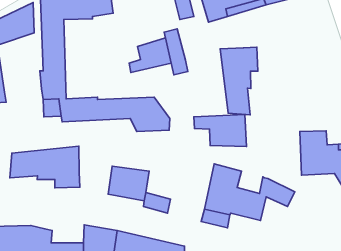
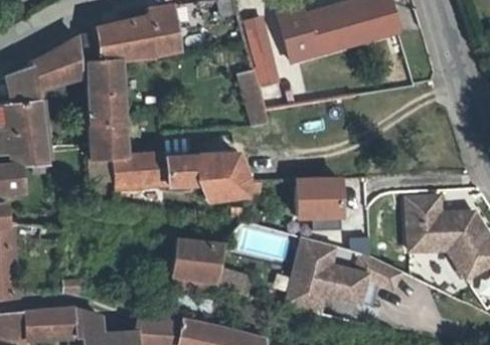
building: [129,38,171,72] -> none
building: [220,47,258,115] -> none
building: [10,146,80,188] -> none

